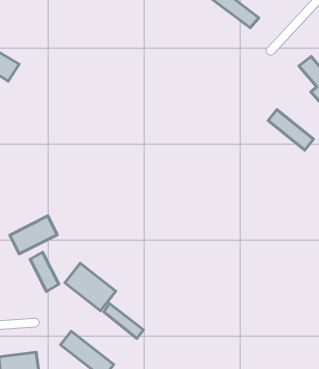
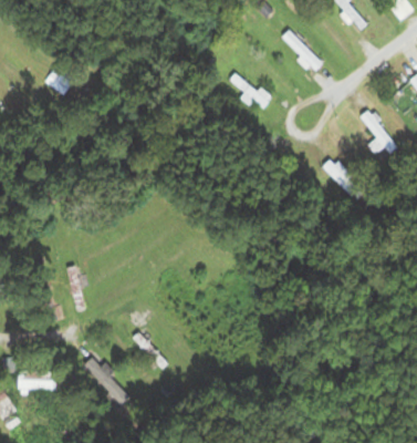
building: none -> [225,69,269,112]
building: [10,216,57,254] -> none
building: [65,263,116,311] -> none

